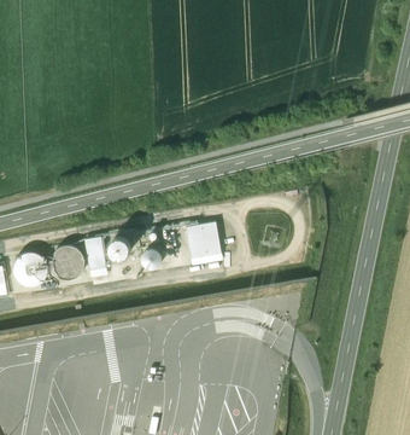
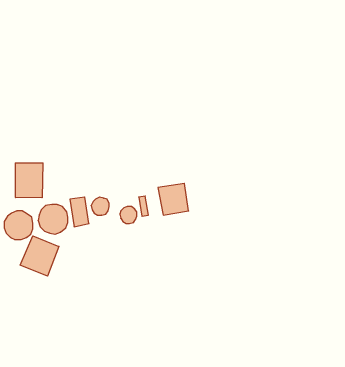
building: none -> [15,163,43,198]
building: none -> [20,236,59,276]

